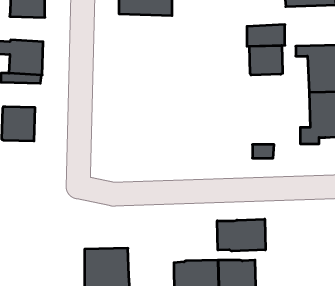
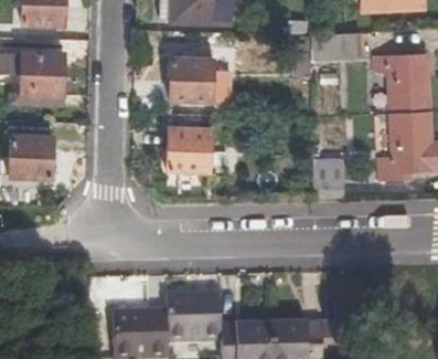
building: none -> [172,57,213,102]
building: [249,45,283,75] -> none
building: none -> [170,128,212,170]
building: [217,219,265,251] -> none
building: none -> [167,289,223,340]

